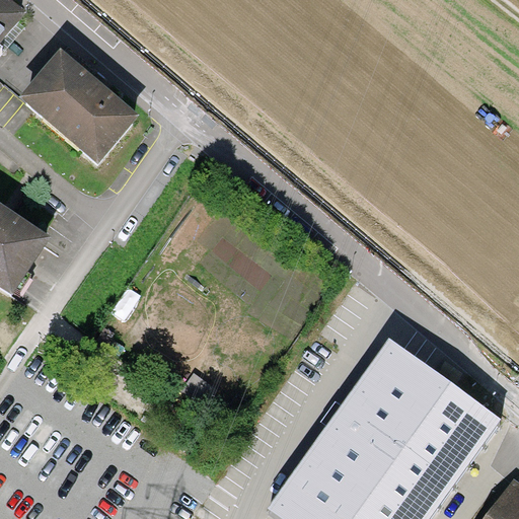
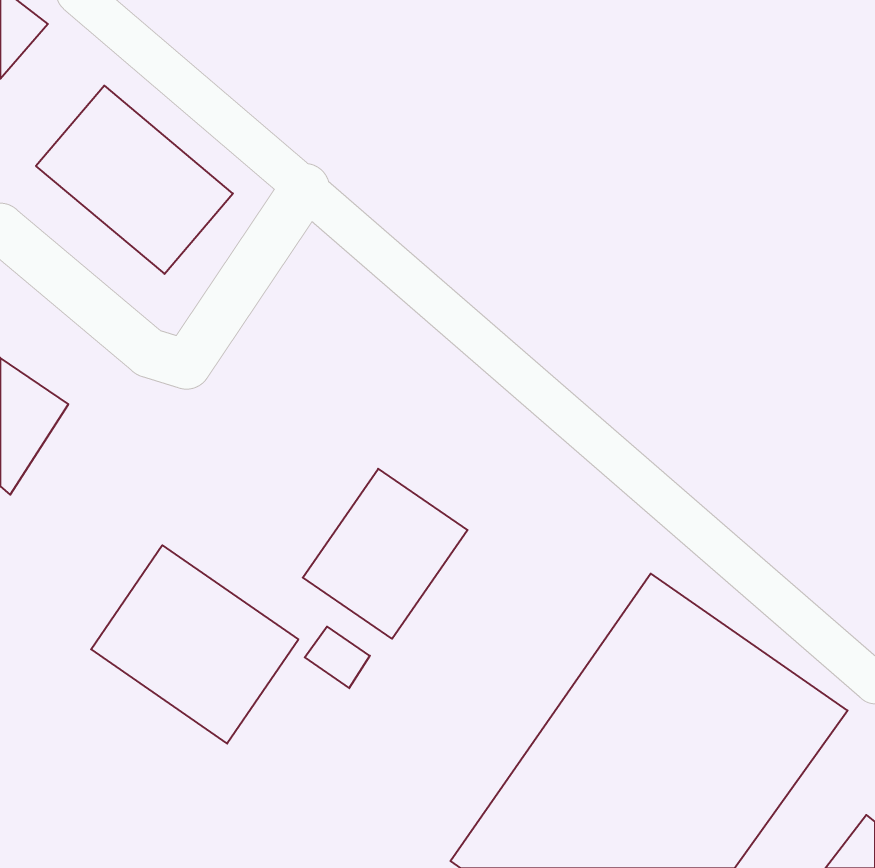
building: none -> [303,469,468,639]
building: none -> [91,545,298,744]

